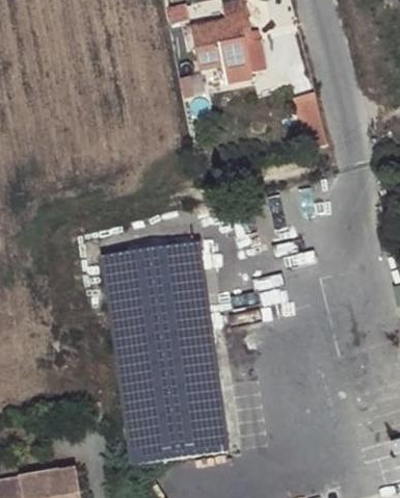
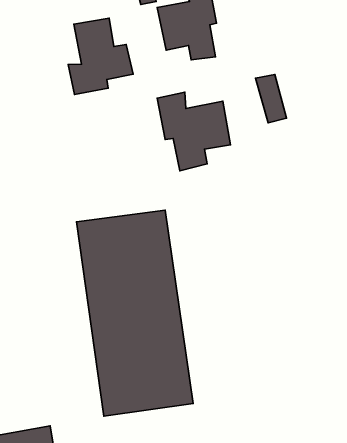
building: none -> [68,18,133,95]
building: none -> [157,92,231,171]

